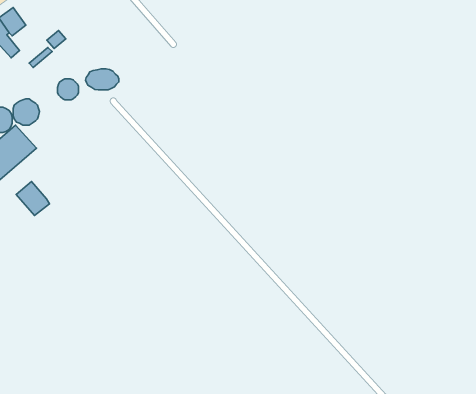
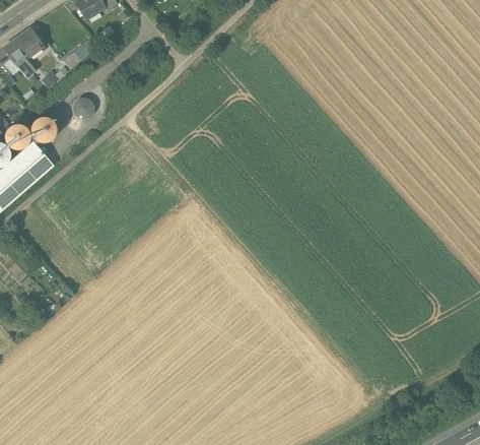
building: [86,69,119,90] -> none
building: [16,182,50,216] -> none

